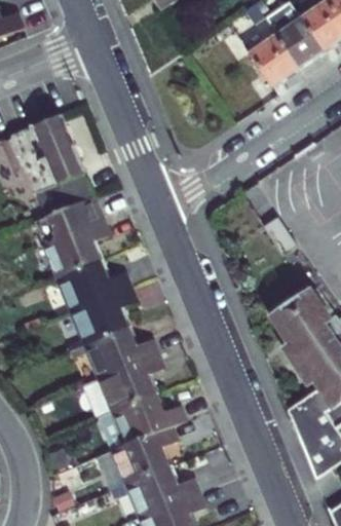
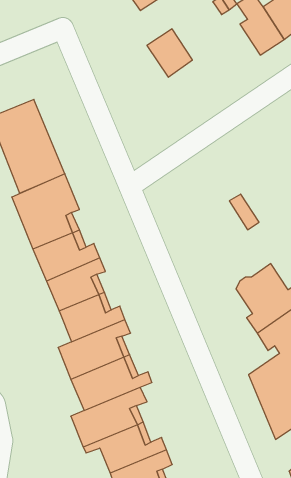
building: [250,37,298,88] -> [147,29,192,77]

